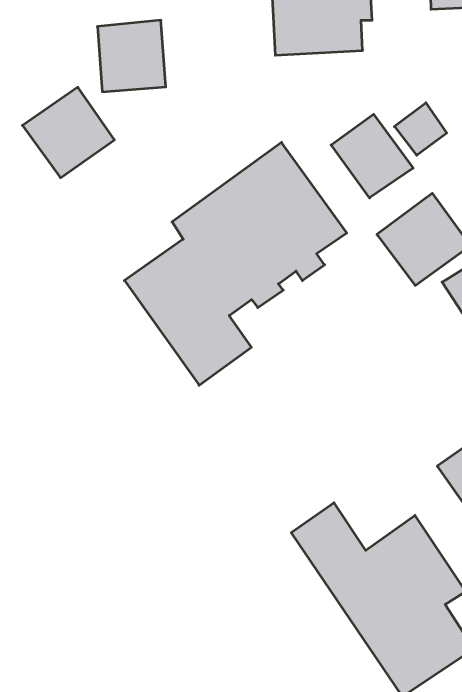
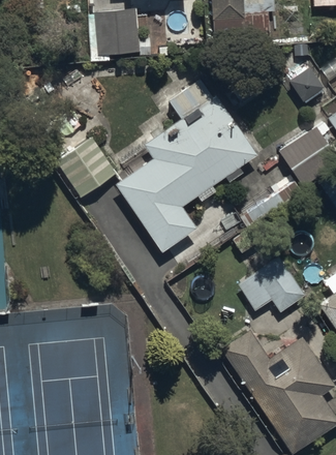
building: [22,87,114,178] -> [54,139,114,198]
building: [331,114,413,198] -> none
building: none -> [237,256,304,313]

